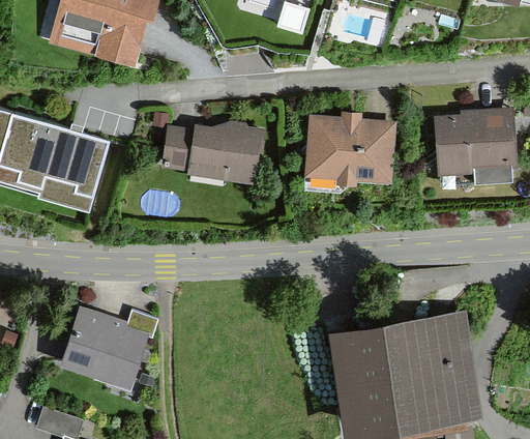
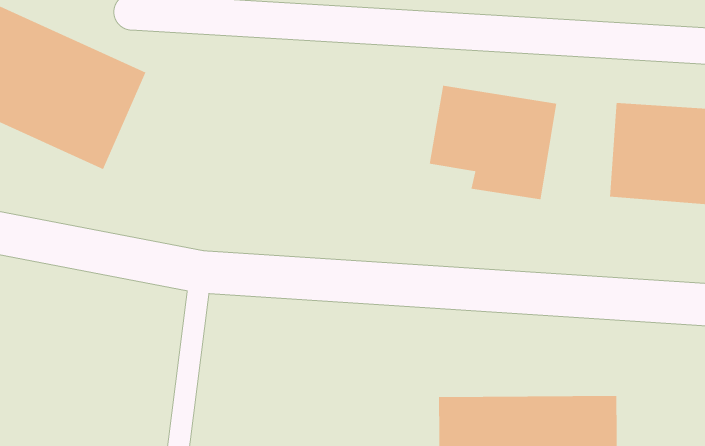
building: [165,122,259,179] -> none
building: [60,310,150,390] -> none

